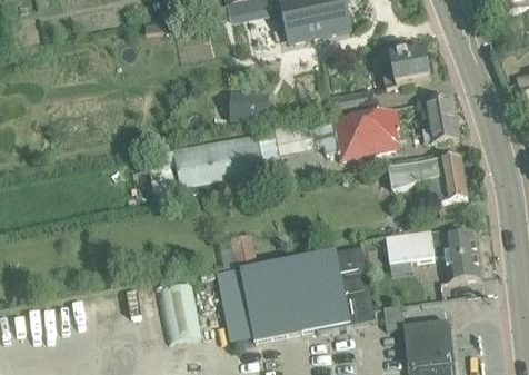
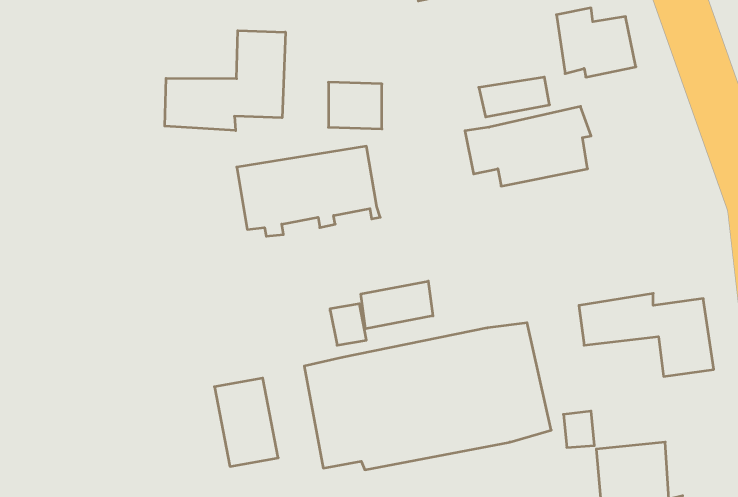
building: none -> [165,31,285,131]
building: [421,95,459,141] -> none
building: [389,152,466,199] -> none
building: none -> [361,281,433,329]

